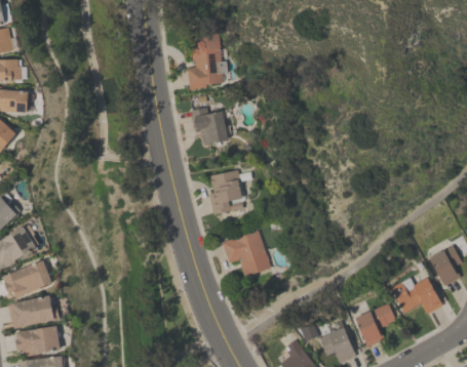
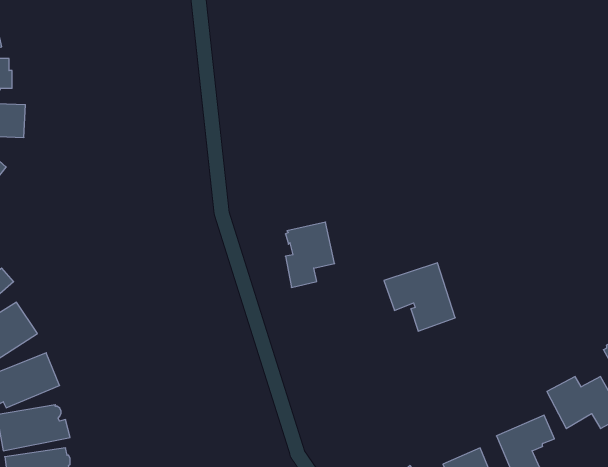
building: [187,33,228,90] -> none
building: [191,107,228,145] -> none
building: [222,230,271,277] -> [384,263,455,331]

